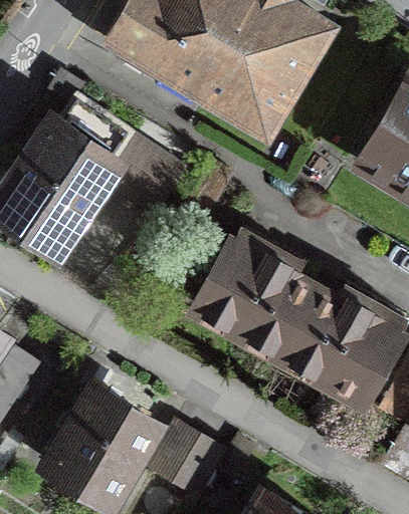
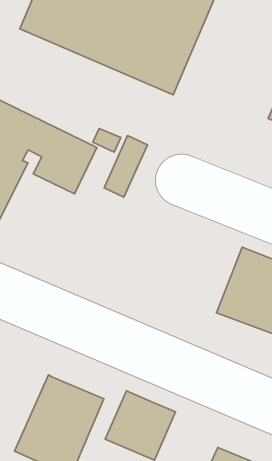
building: [197,246,315,354] -> none

